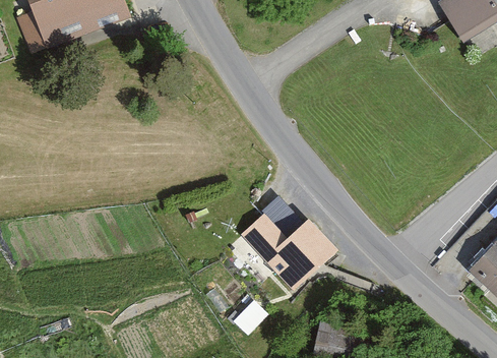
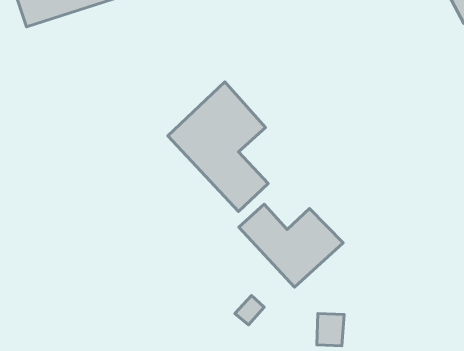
building: none -> [168,82,268,212]

